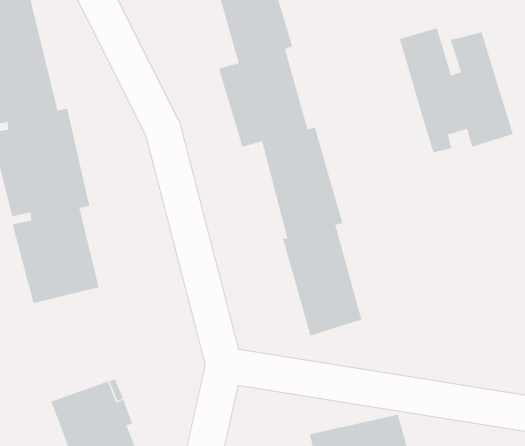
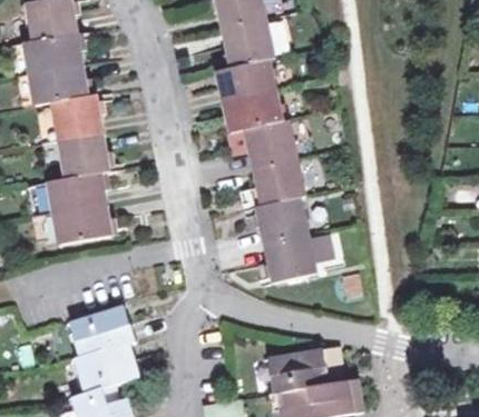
building: [399,27,513,153] -> none

